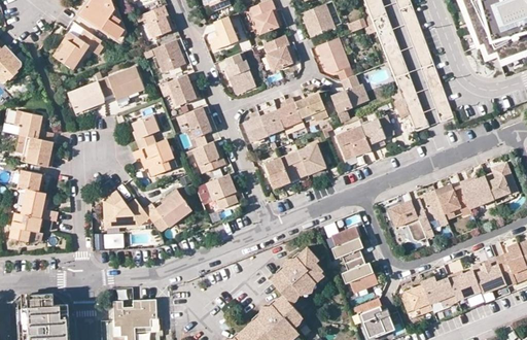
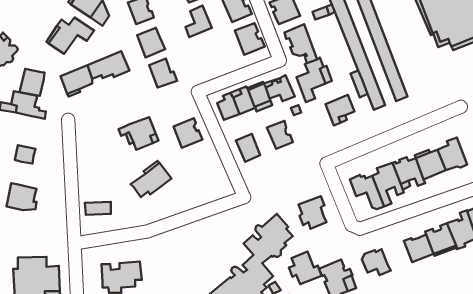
building: [223,53,252,90] -> none
building: [183,108,210,139] -> none
building: [133,115,159,150] -> none
building: [337,126,371,160] -> none
building: [26,138,54,168] -> [19,69,45,96]
building: [280,151,307,182] -> none
building: [207,175,238,211] -> none
building: [21,190,58,222] -> none
building: [103,194,149,227] -> none
building: [342,257,378,293] -> [289,252,321,284]
building: [422,276,458,305] -> none

